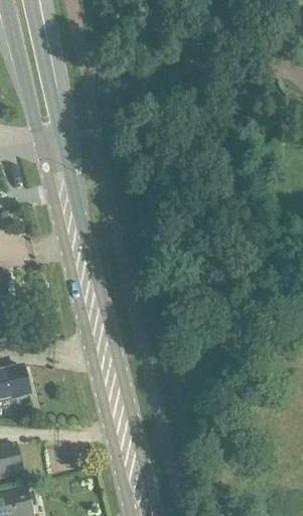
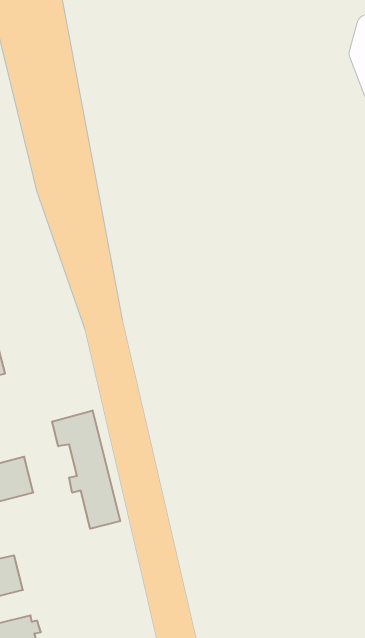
building: none -> [52,410,120,529]

